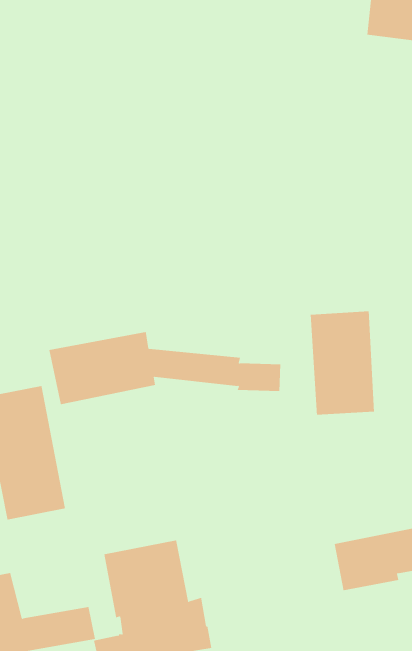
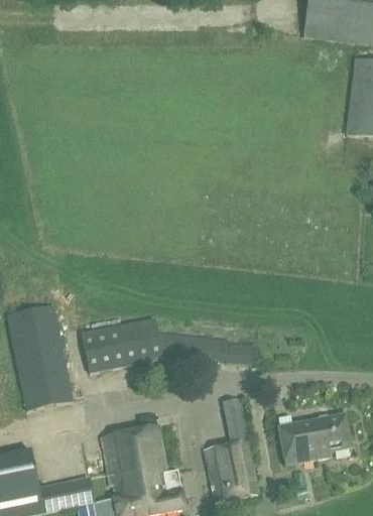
building: [310,311,374,415] -> none
building: [49,331,281,405] -> [80,316,259,373]
building: none -> [204,398,258,503]

